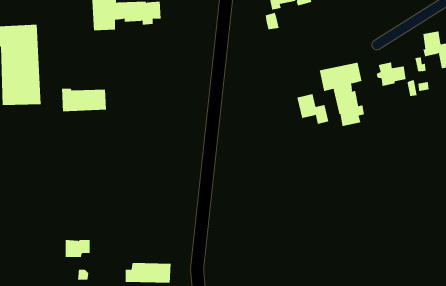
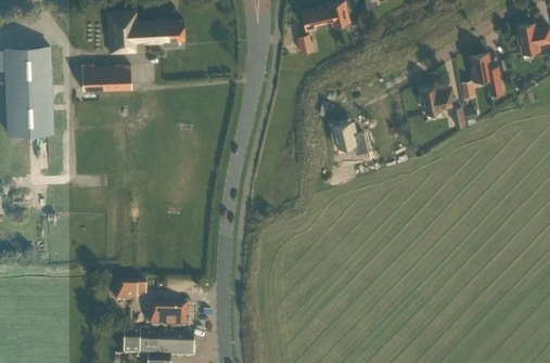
building: [319,62,364,127] -> none
building: [61,88,107,112] -> [81,64,131,90]
building: [65,240,90,257] -> [117,282,145,301]

